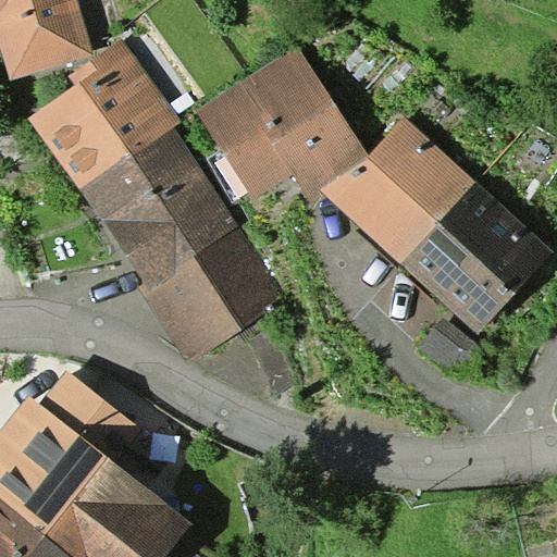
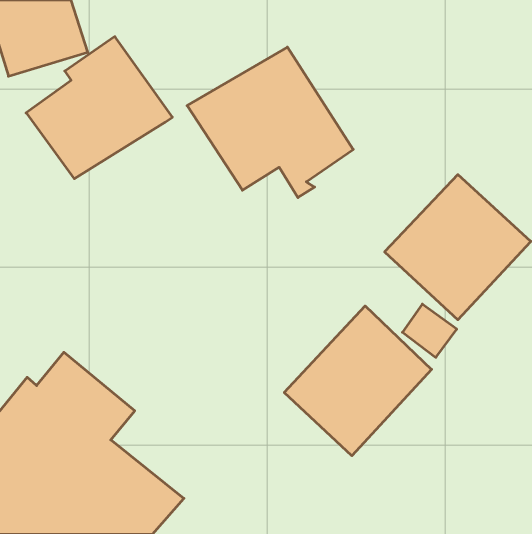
building: [319,115,476,262] -> none
building: [77,127,285,363] -> none
building: none -> [284,306,432,456]

